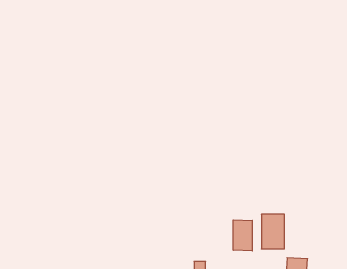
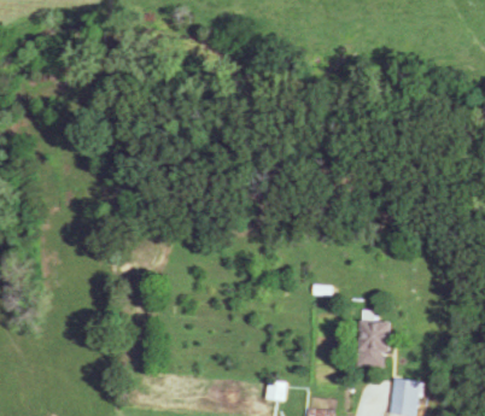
building: [233,220,252,251] -> none

